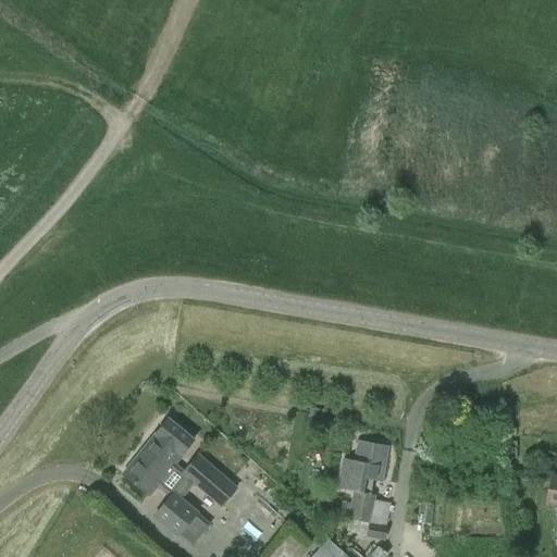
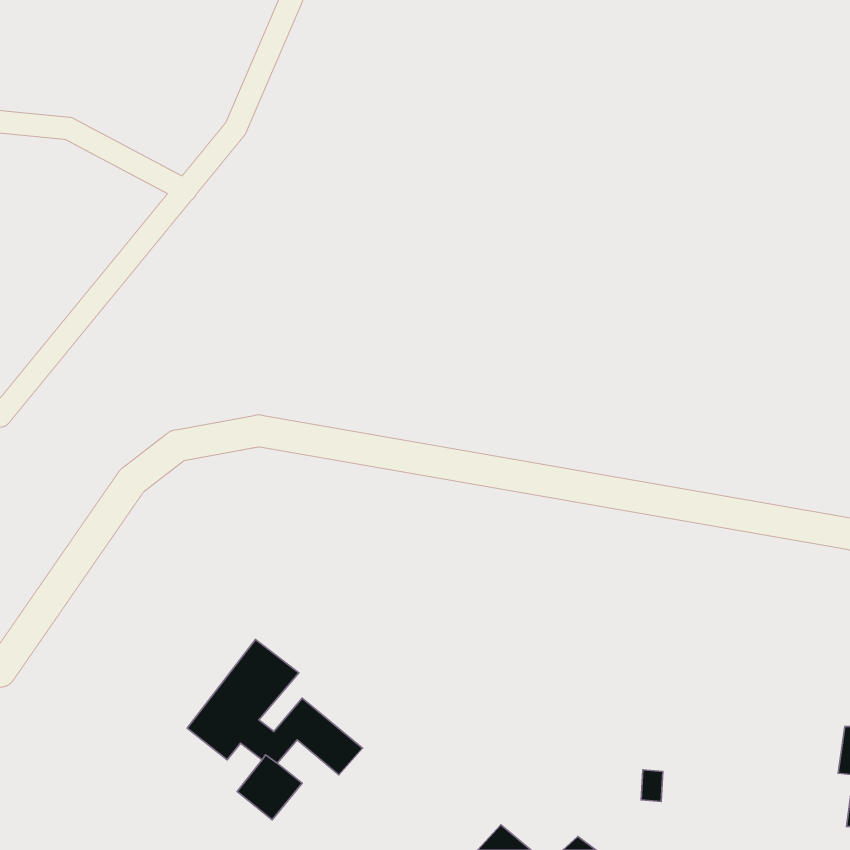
building: [339,442,393,540] -> none

